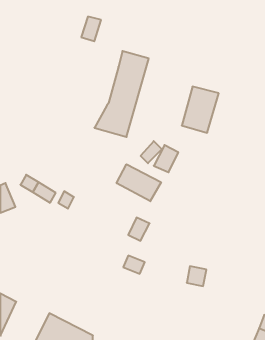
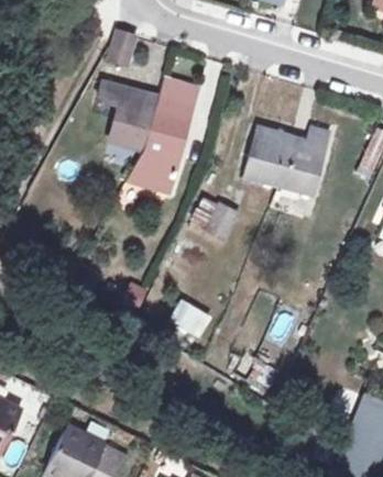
building: none -> [98,82,158,149]
building: none -> [277,125,330,195]
building: [117,164,161,201] -> none

